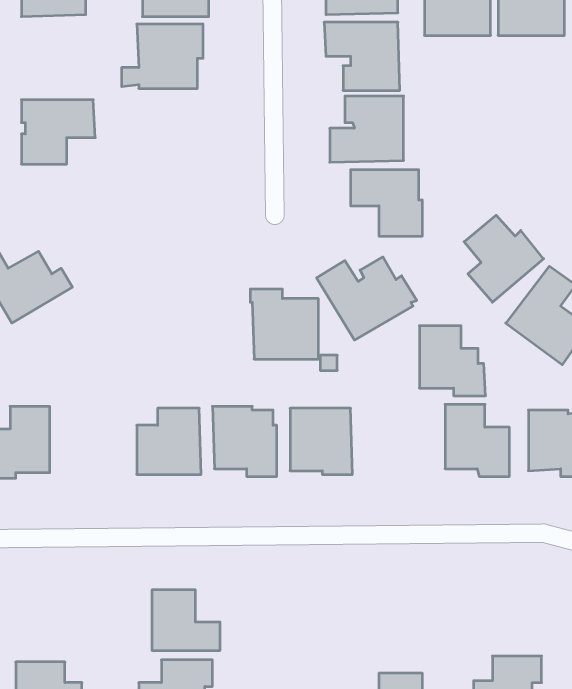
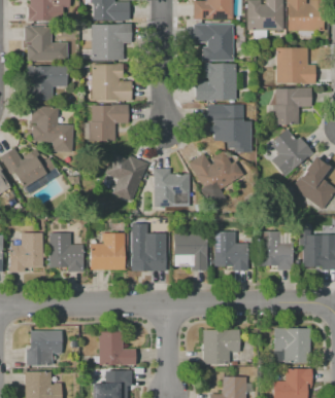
building: none -> [25,26,67,62]
building: none -> [276,46,315,82]
building: none -> [92,64,133,101]
building: none -> [273,88,311,124]
building: none -> [85,105,129,141]
building: none -> [31,106,73,152]
building: none -> [105,153,148,202]
building: [419,326,486,396] -> [213,231,249,269]
building: none -> [49,233,83,272]
building: none -> [273,328,311,364]
building: none -> [204,329,239,364]
building: none -> [27,330,62,365]

